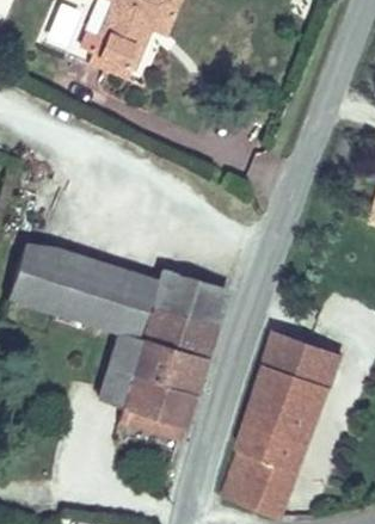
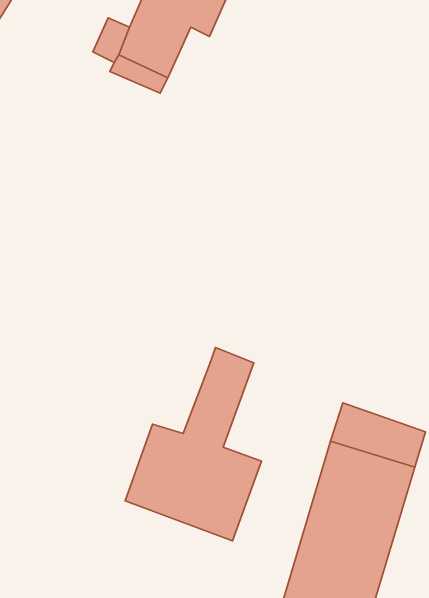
building: [13,242,166,346] -> none
building: [177,291,230,368] -> none

